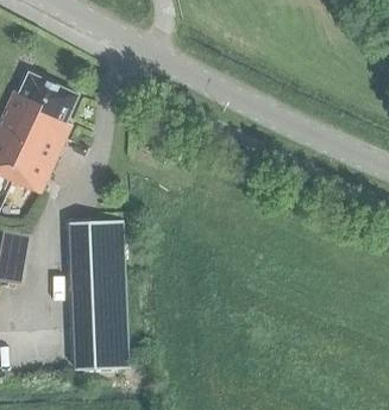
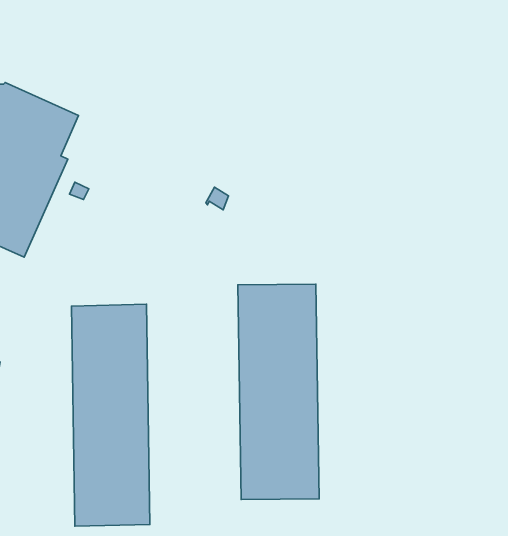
building: none -> [238,284,319,500]

